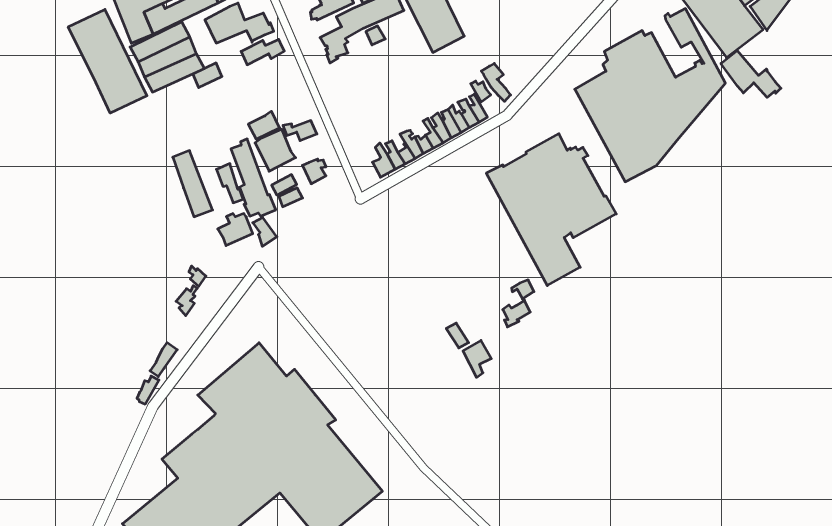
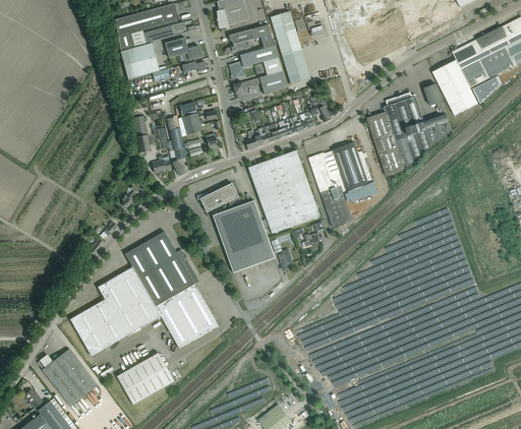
building: [68,9,147,113] -> none
building: none -> [233,70,287,99]
building: [721,51,781,97] -> none
building: none -> [196,149,320,272]

